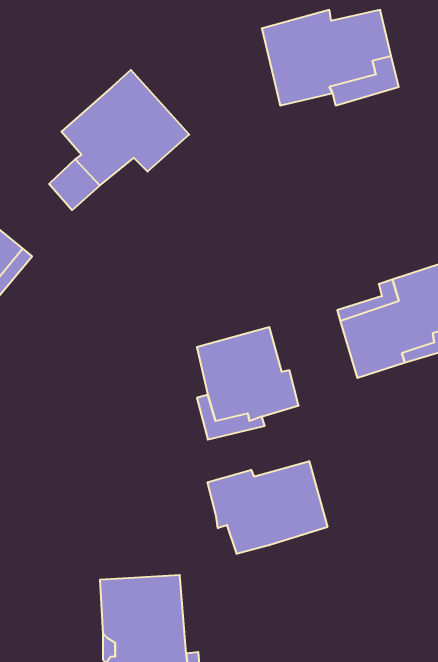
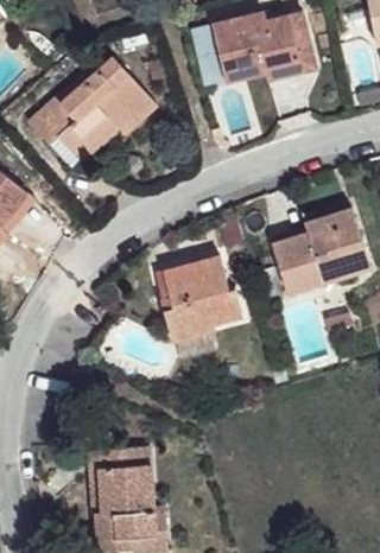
building: none -> [28,65,97,145]
building: [207,461,327,554] -> none

